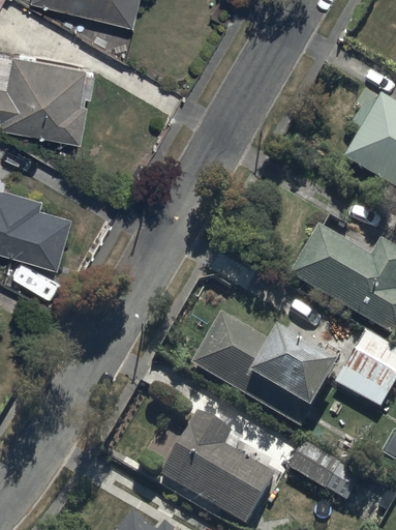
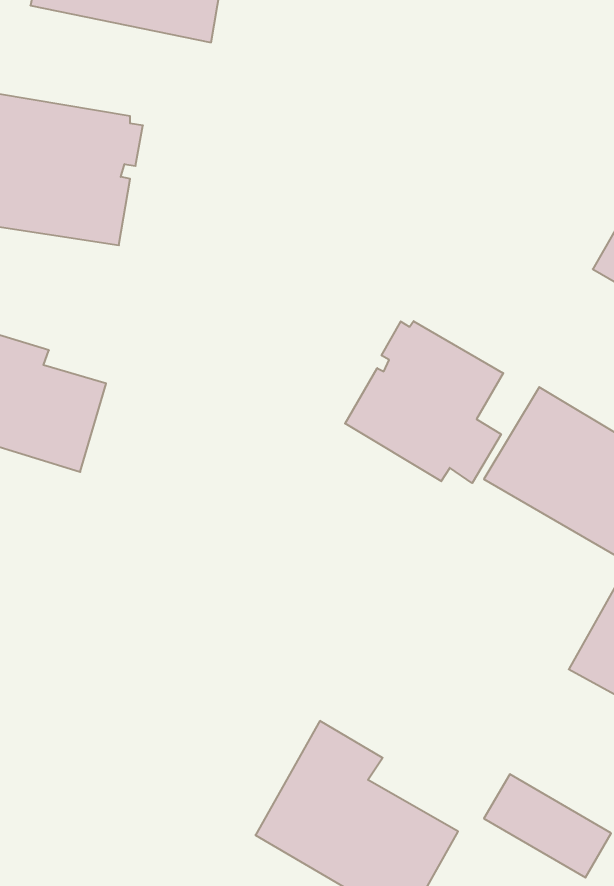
building: none -> [345,321,503,483]
building: [189,311,333,424] -> none

